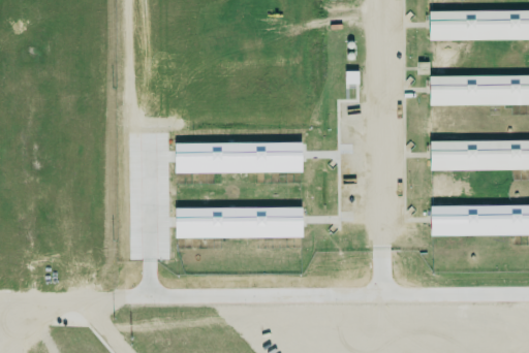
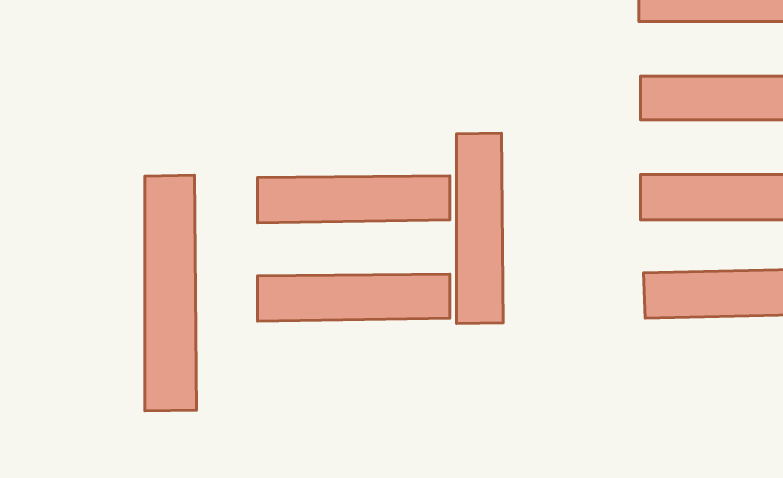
building: none -> [457,133,503,324]
building: none -> [145,175,196,411]

